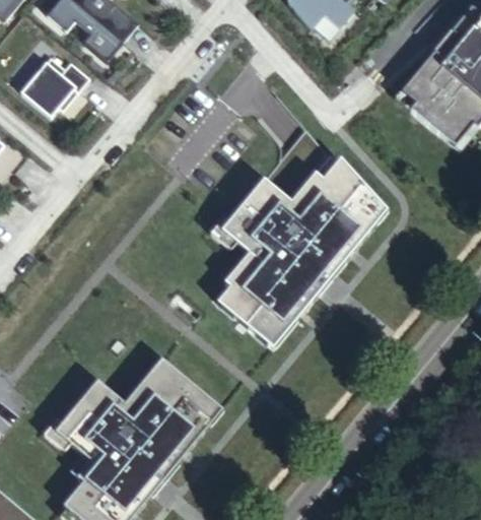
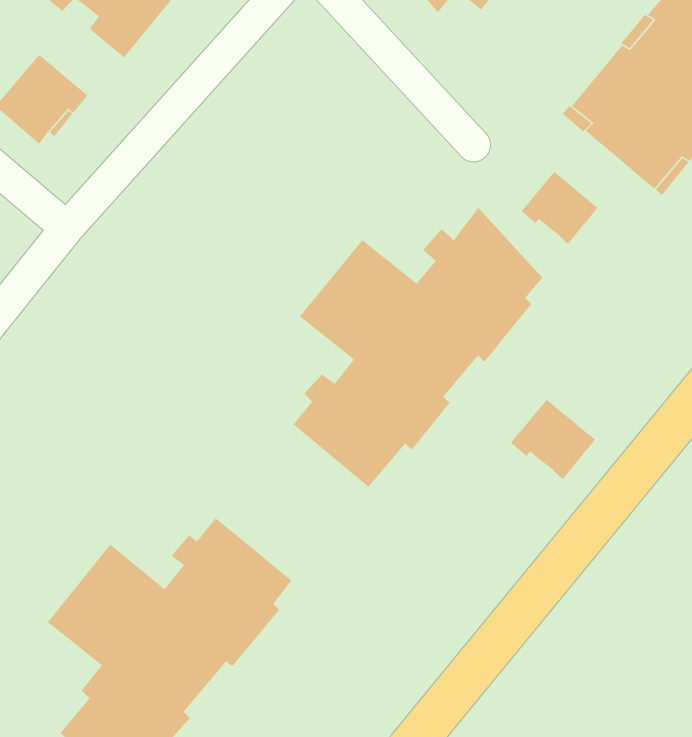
building: none -> [520,171,599,245]
building: none -> [510,399,596,480]

